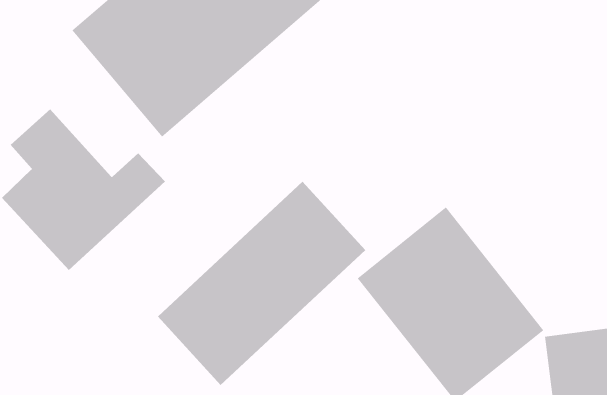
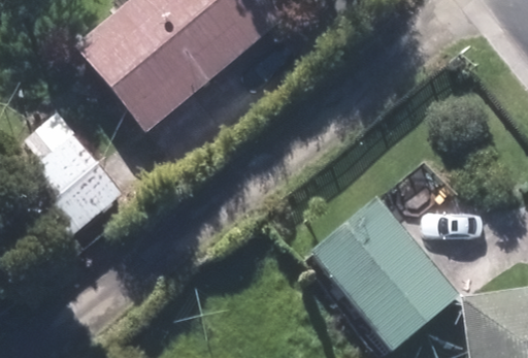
building: [157,181,366,386] -> none

